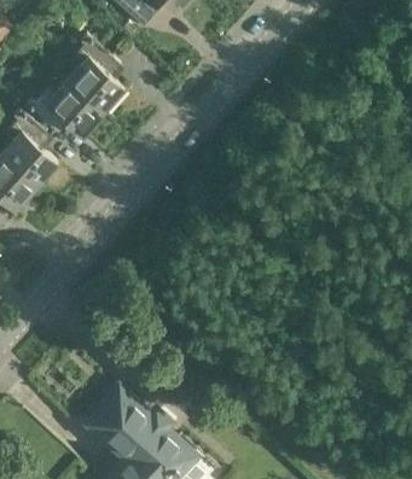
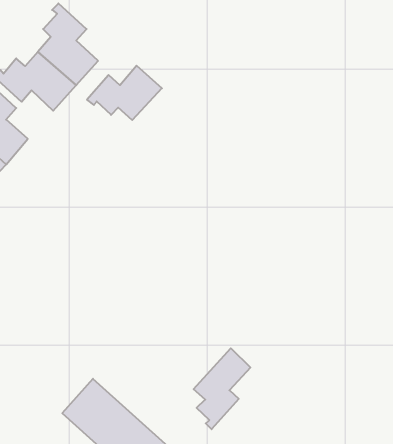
building: none -> [87,66,162,120]
building: none -> [194,348,250,429]

